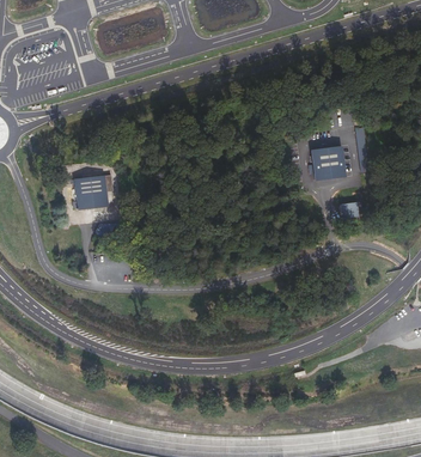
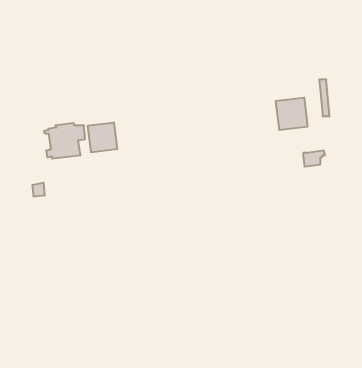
building: none -> [88,122,117,152]

